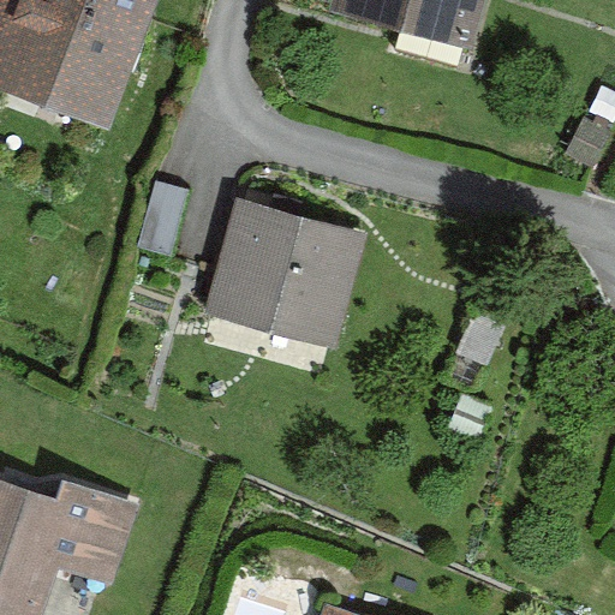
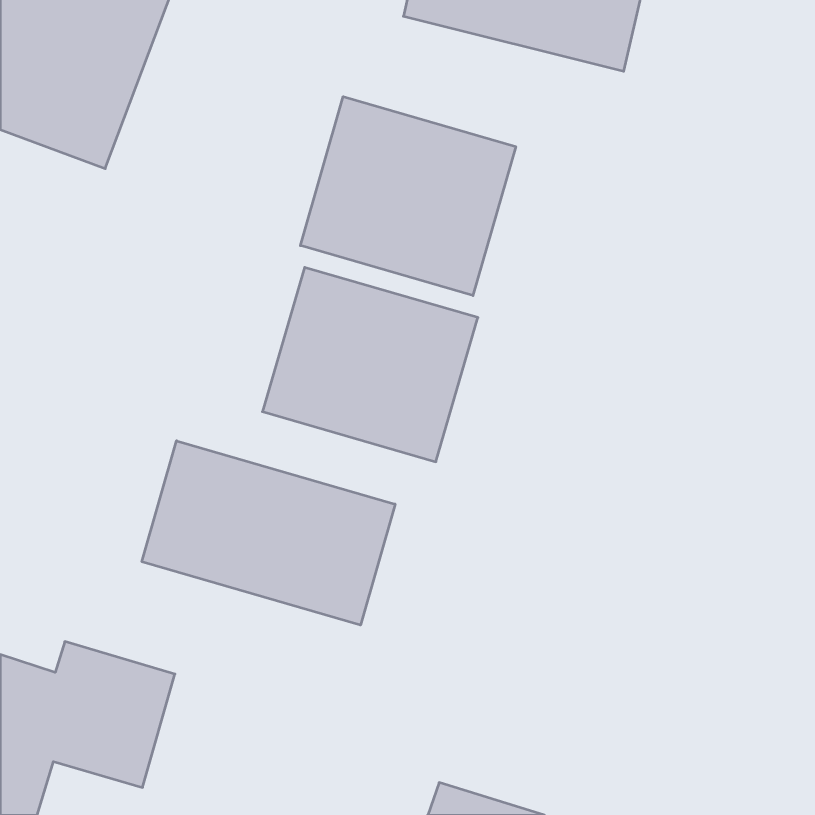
building: none -> [300,97,516,296]
building: none -> [142,441,395,625]

